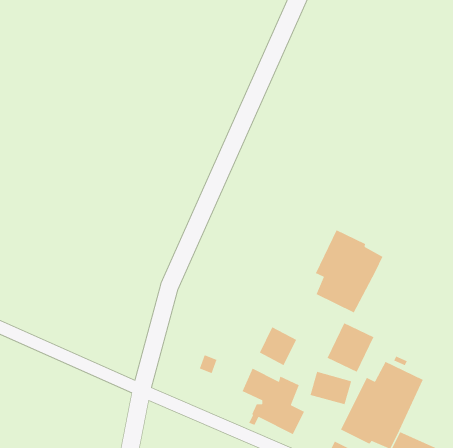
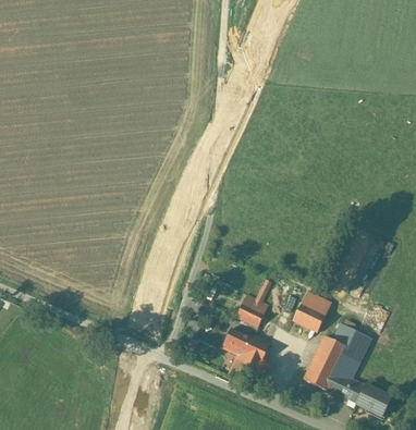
building: [315,229,384,314] -> none
building: [310,371,352,405] -> none

